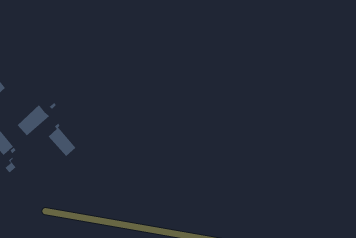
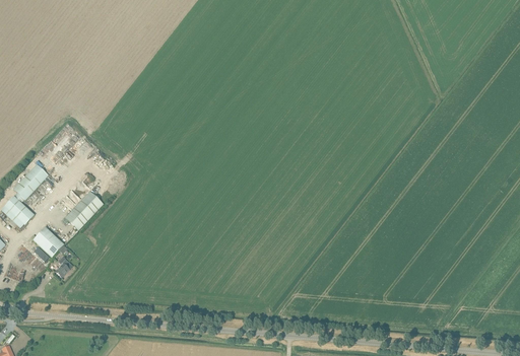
building: [48,123,76,157] -> none

